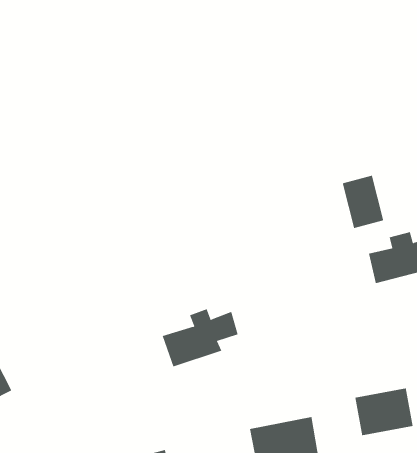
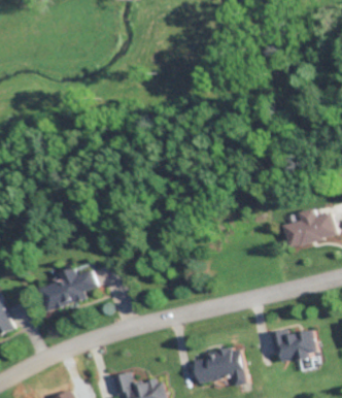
building: [342,175,384,229] -> none
building: [162,308,239,367] -> [40,266,98,310]

